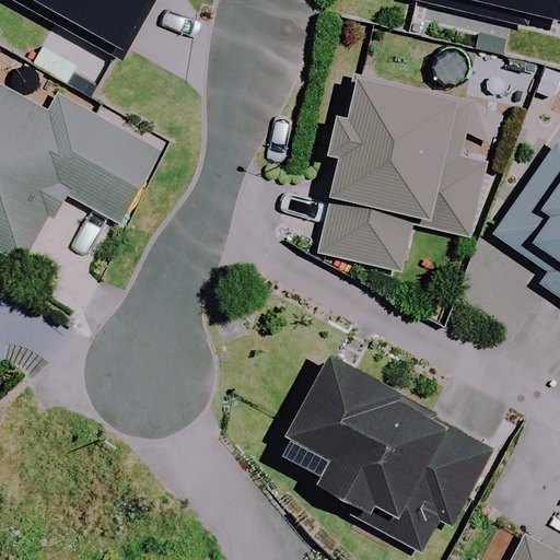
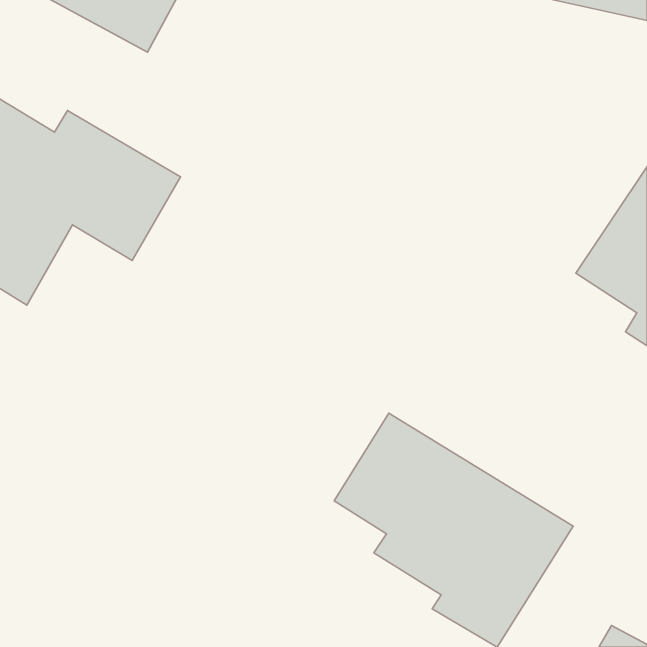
building: [319,74,485,268] -> none

